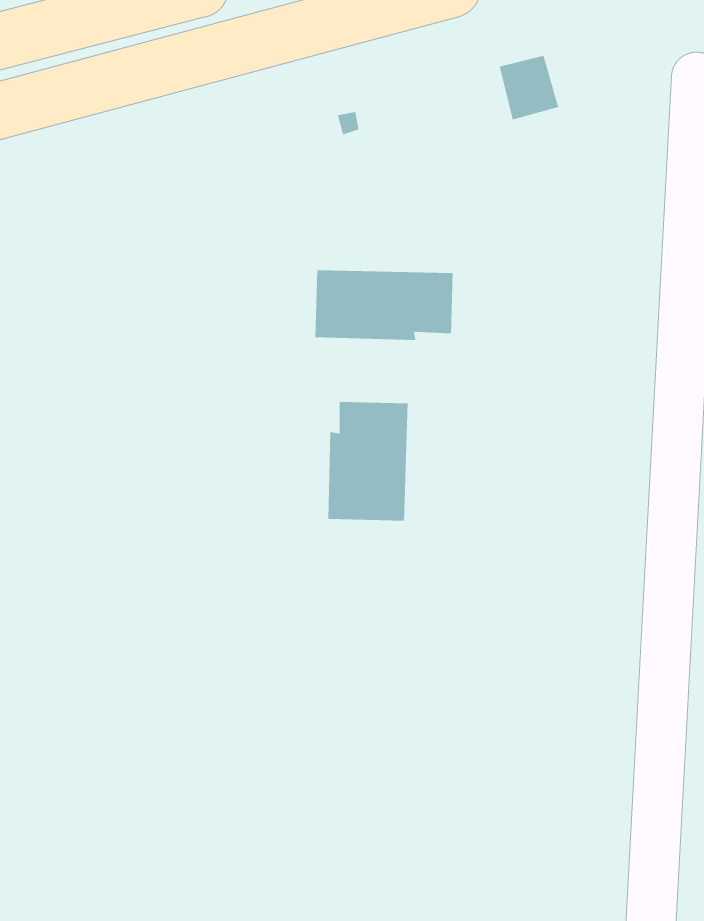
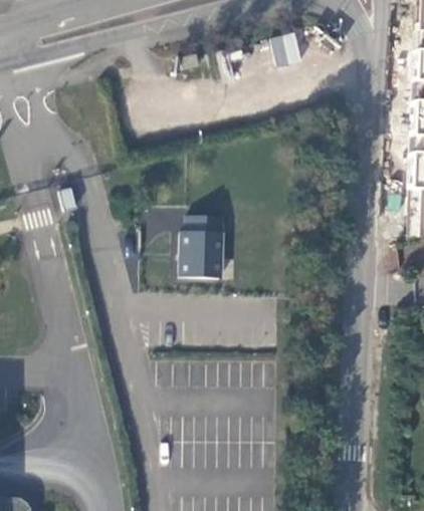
building: [315,269,453,341] -> none

